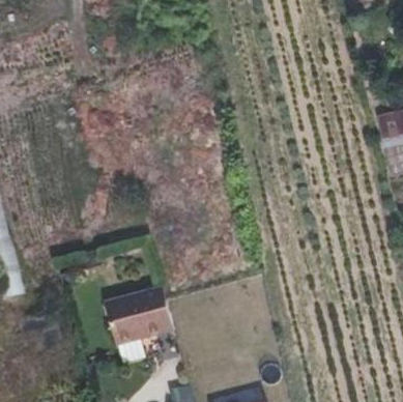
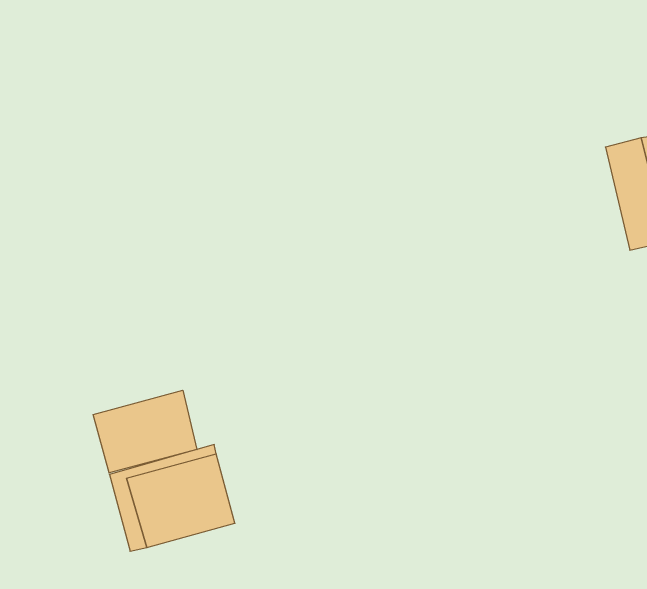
building: none -> [93,390,197,473]

